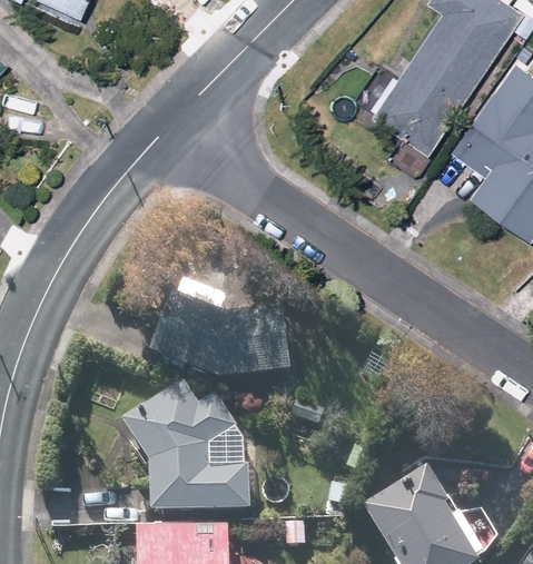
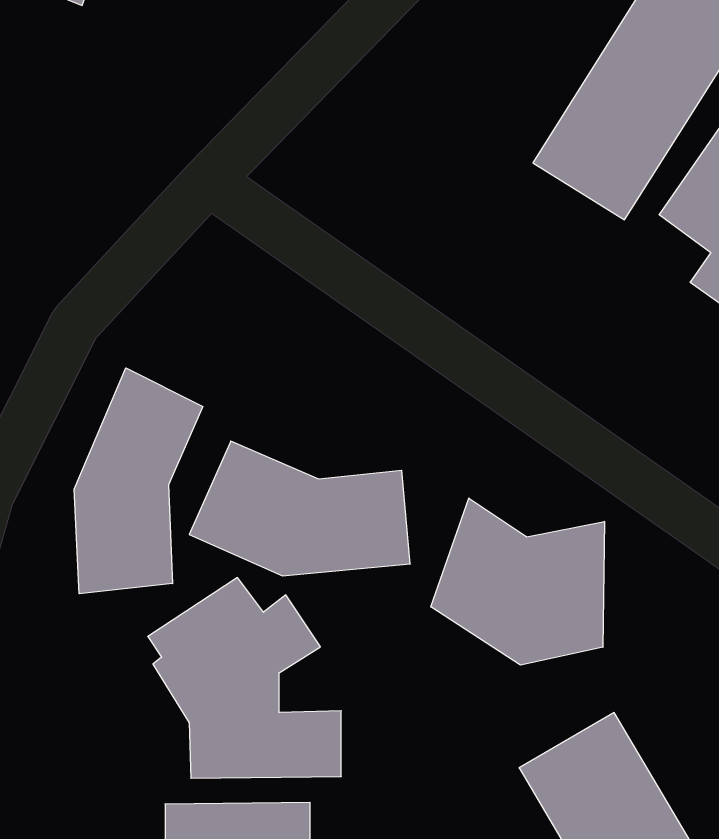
building: none -> [74,368,203,594]
building: none -> [431,498,604,665]

